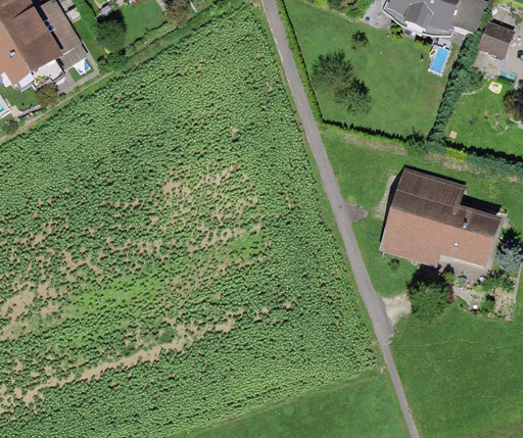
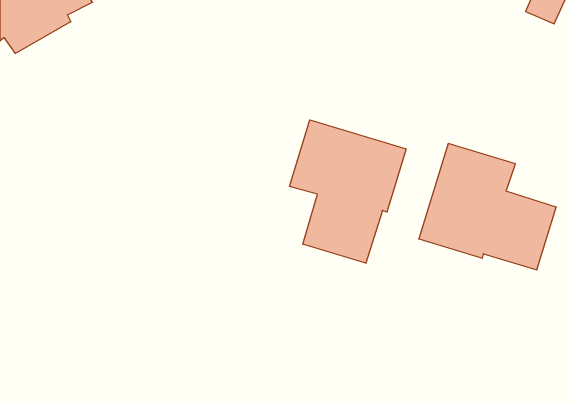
building: none -> [290,120,406,263]

